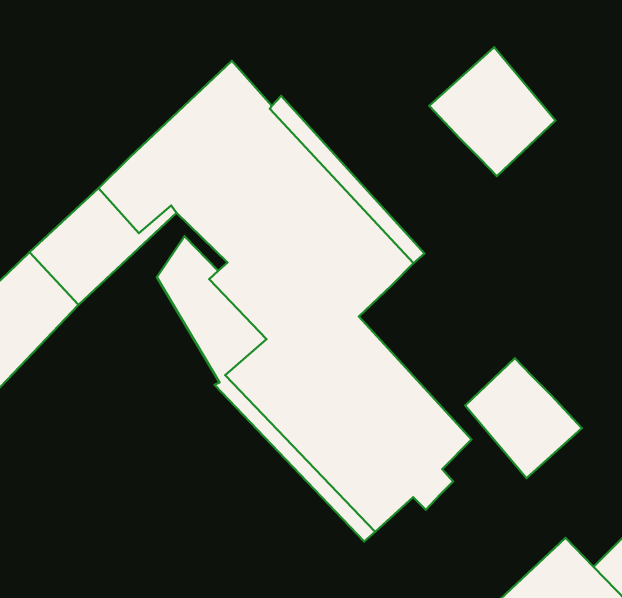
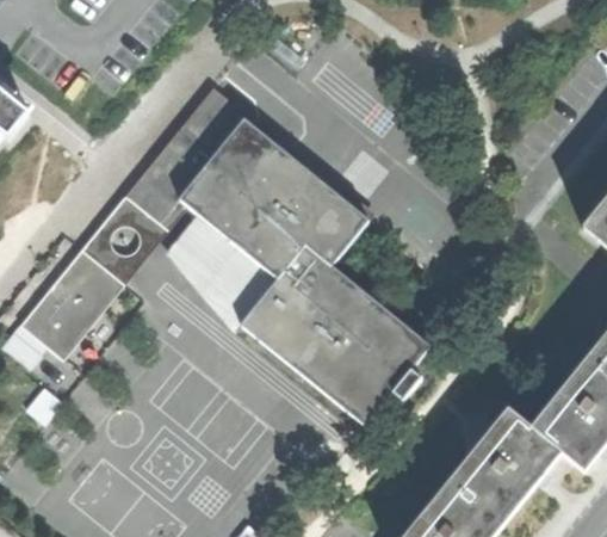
building: [429,47,556,176] -> none
building: [465,358,582,478] -> none

